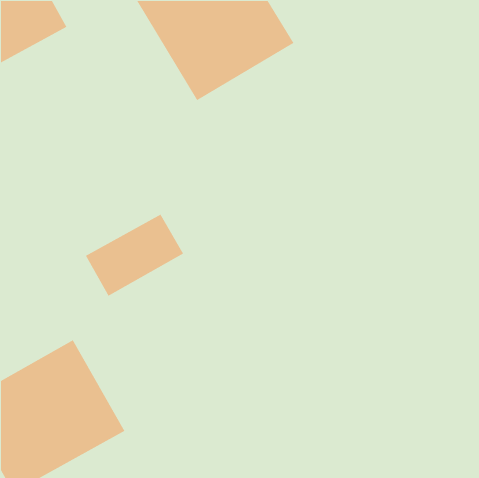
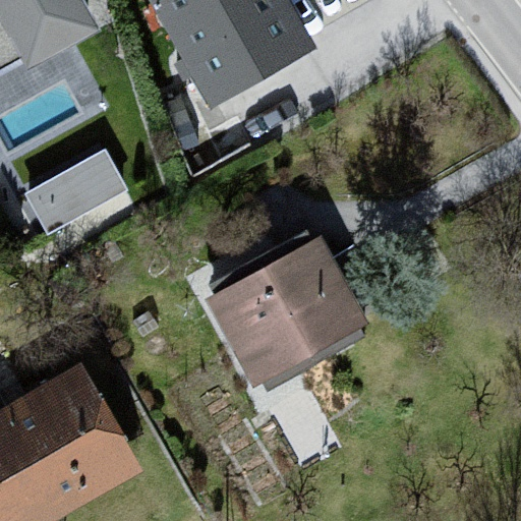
building: [85,213,184,297] -> [23,136,131,227]
building: none -> [212,243,363,381]

